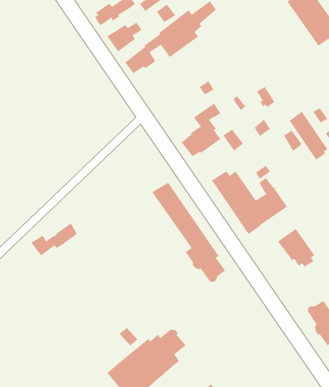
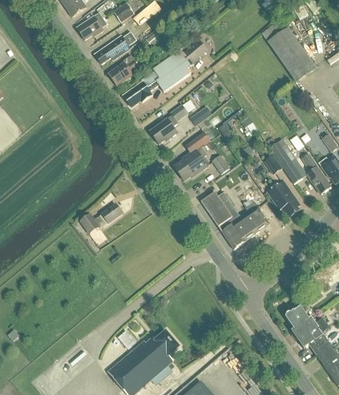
building: none -> [149,104,187,144]
building: [151,182,226,282] -> none
building: [31,223,78,256] -> [79,202,121,232]
building: [277,228,315,267] -> [266,179,300,214]

